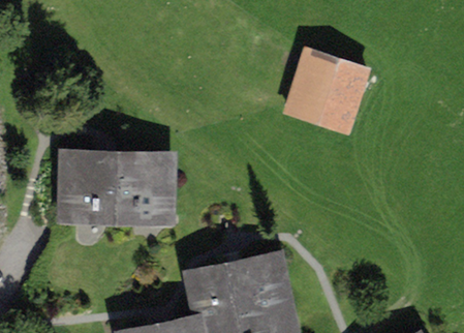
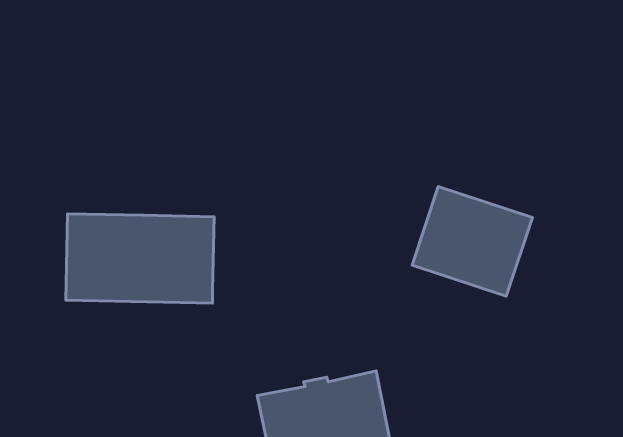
building: [286,52,367,125] -> [412,187,532,296]

